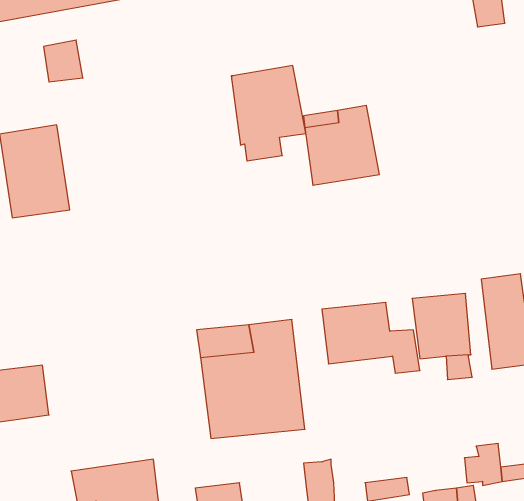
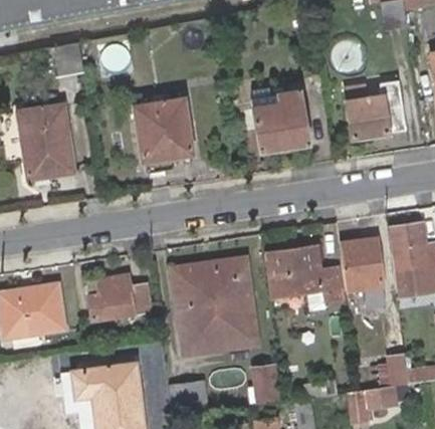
building: [231,66,306,161] -> [135,101,192,175]
building: none -> [345,83,406,140]
building: none -> [87,273,149,315]

